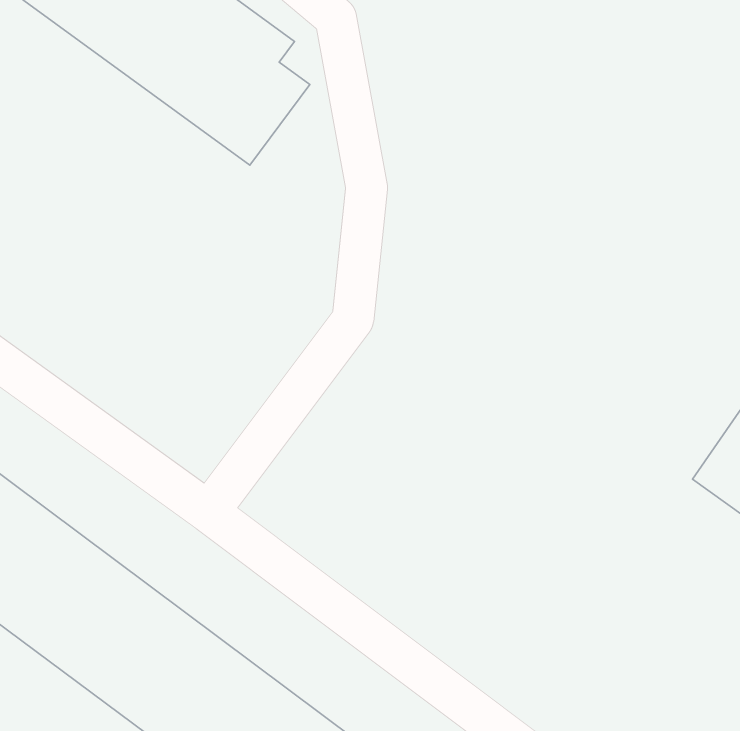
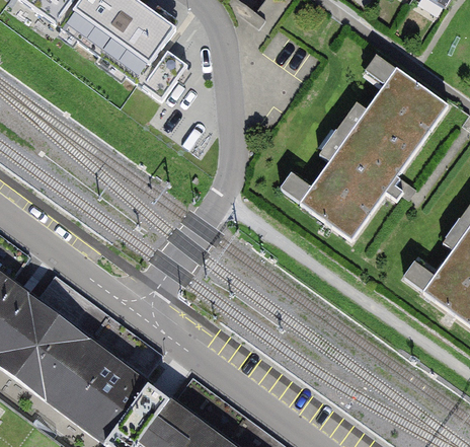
building: none -> [301,67,449,237]

